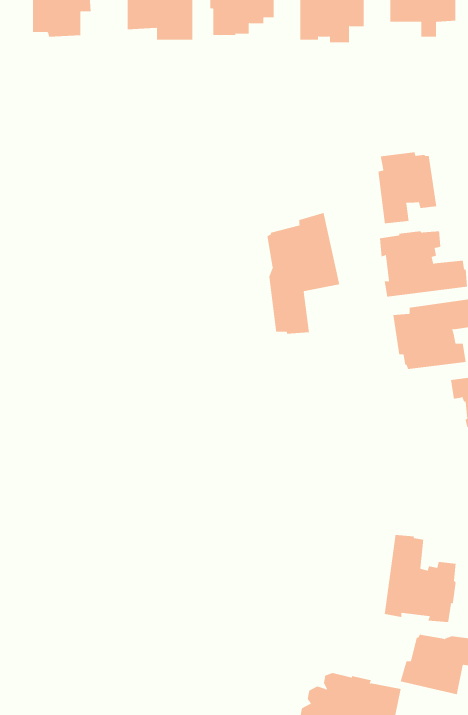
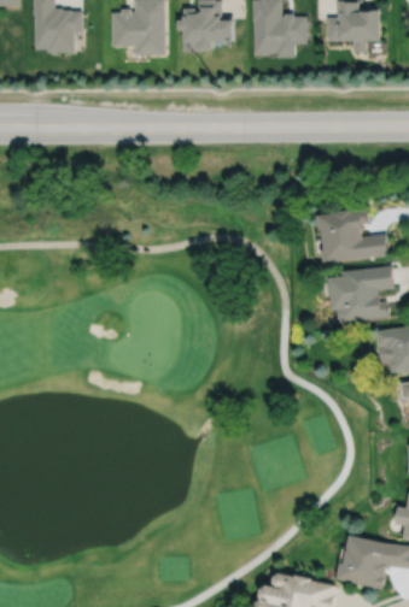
building: [378,151,437,224] -> none
building: [267,212,340,334] -> none
building: [384,534,456,623] -> none

